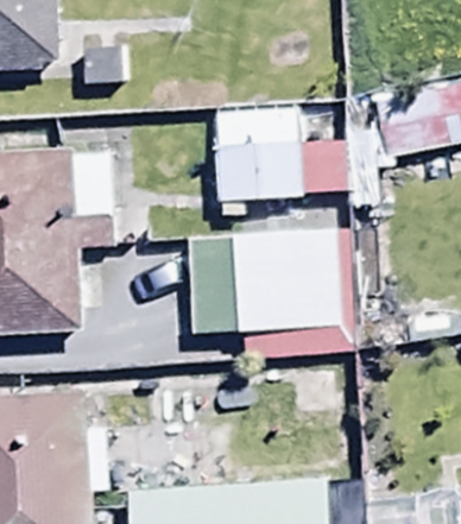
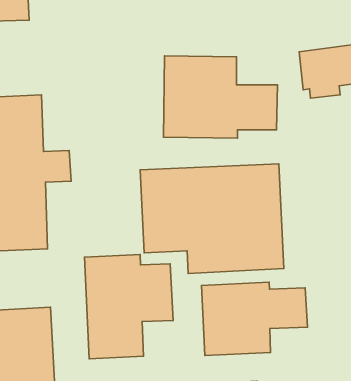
building: none -> [84,254,173,359]
building: none -> [201,282,307,356]

